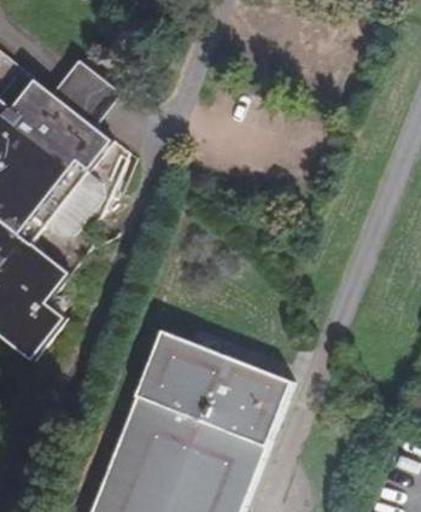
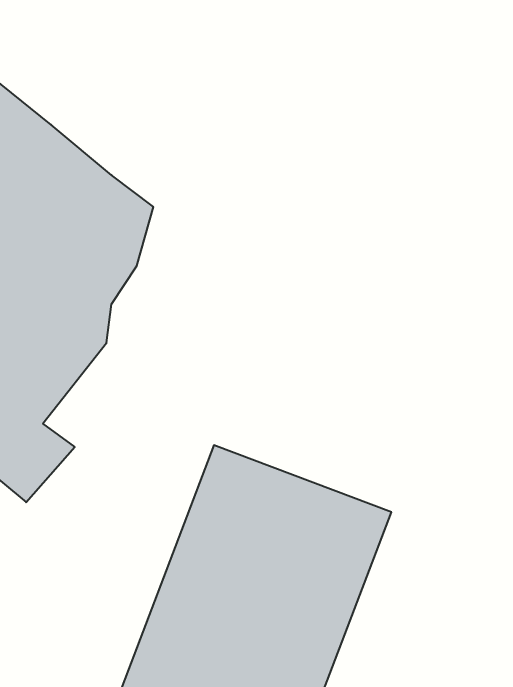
building: [43,66,113,134] -> none

